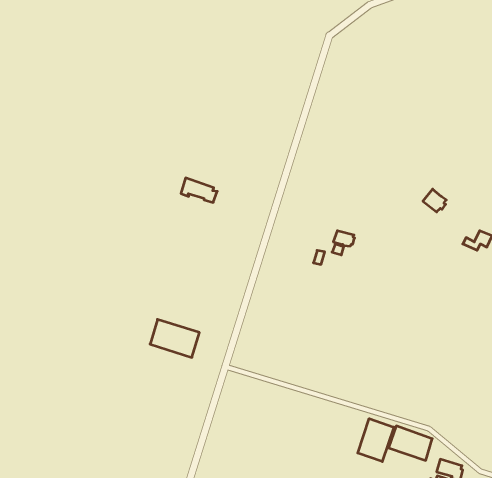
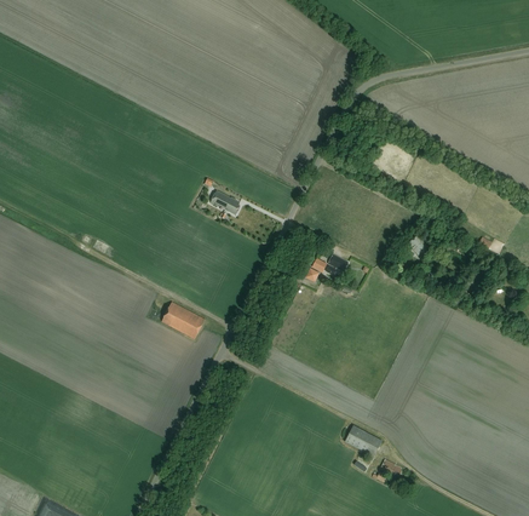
building: [358,419,394,462] -> none

